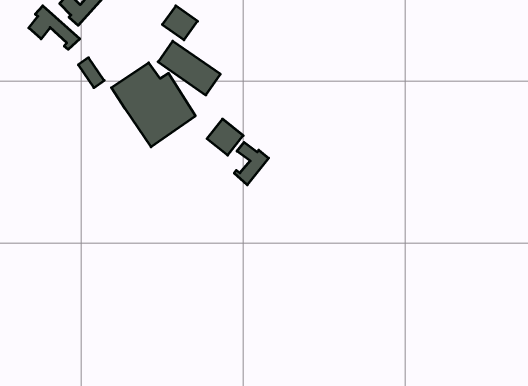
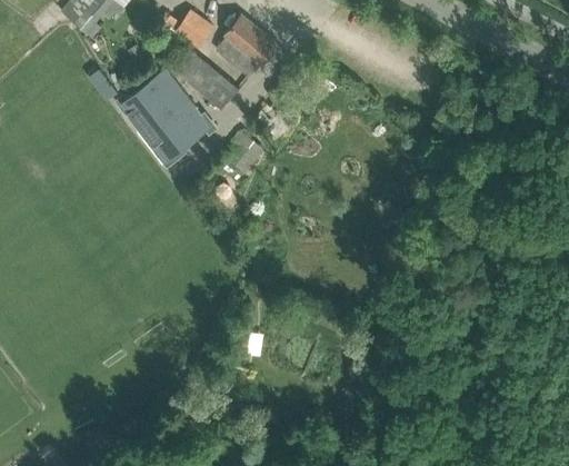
building: [29,6,80,49] -> none
building: none -> [216,16,279,75]
building: [234,142,269,185] -> none

